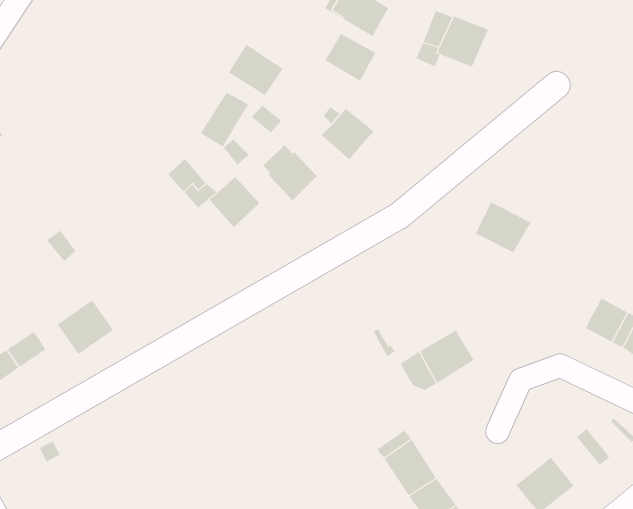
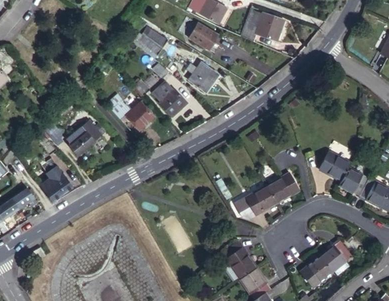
building: [200,92,249,148] -> none
building: [475,201,532,253] -> [318,152,350,181]
building: none -> [70,118,107,154]
building: none -> [266,173,299,203]
building: none -> [319,246,346,273]

